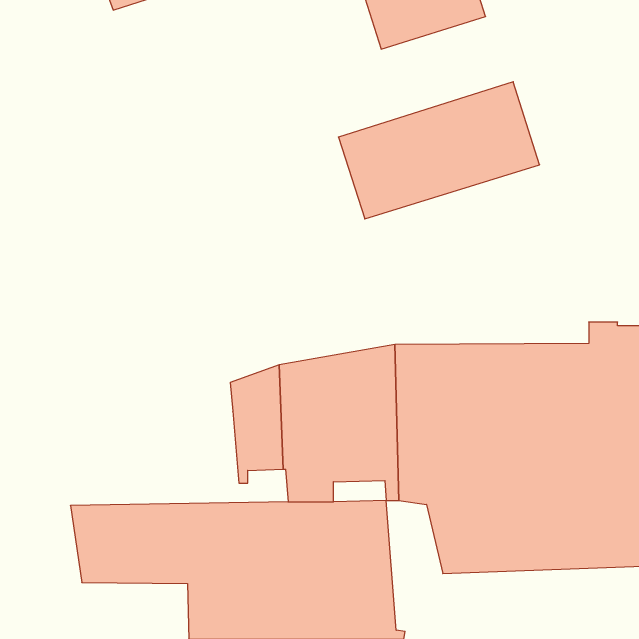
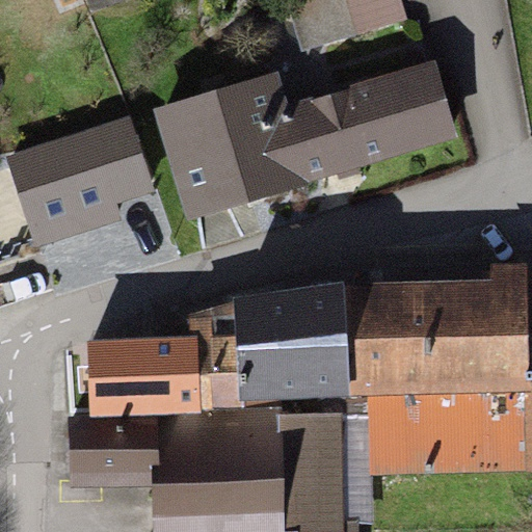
building: none -> [168,78,304,214]
building: none -> [10,117,149,239]
building: none -> [92,340,201,402]

